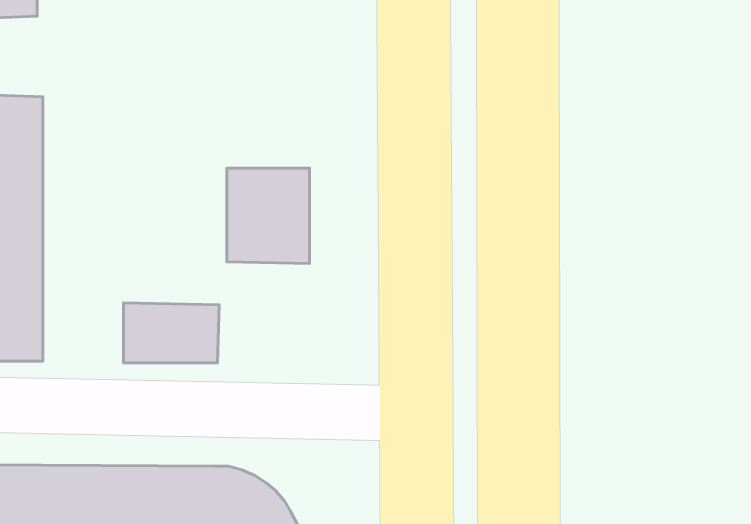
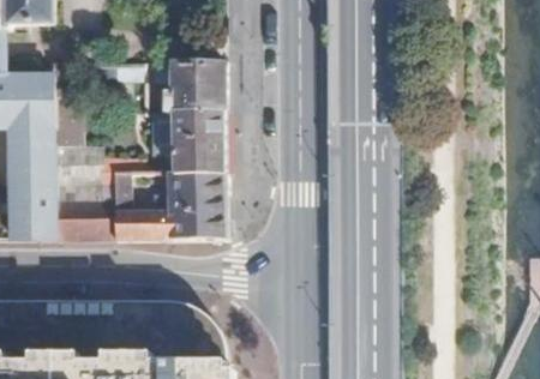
building: none -> [173,68,227,120]
building: none -> [167,180,226,246]
building: none -> [55,200,107,245]

